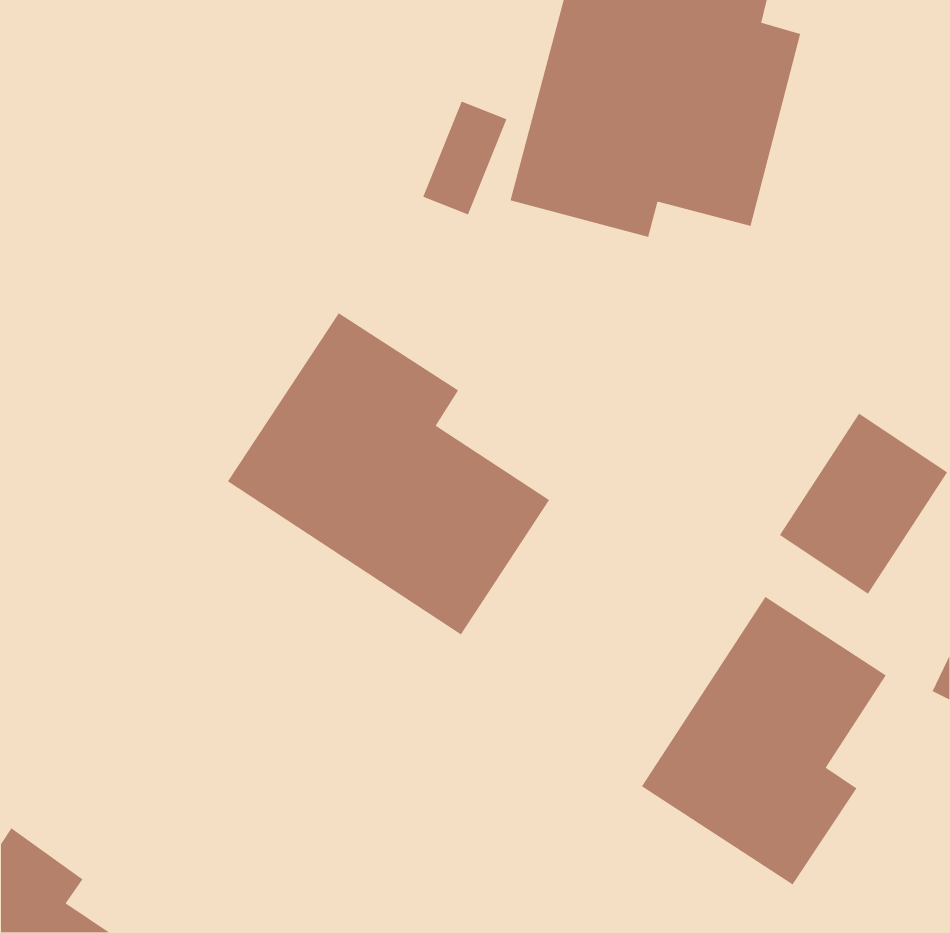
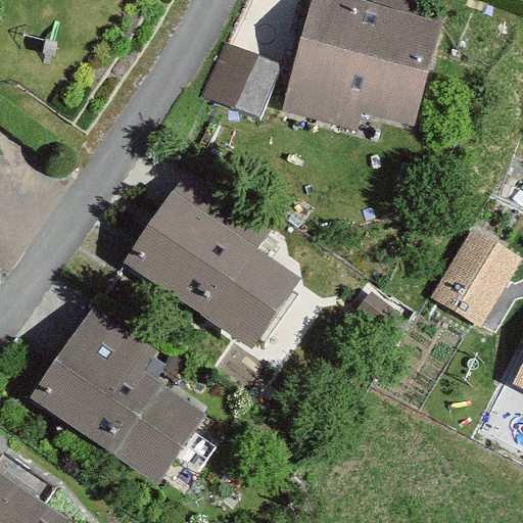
building: none -> [29,307,206,485]
building: [641,596,887,885] -> none

